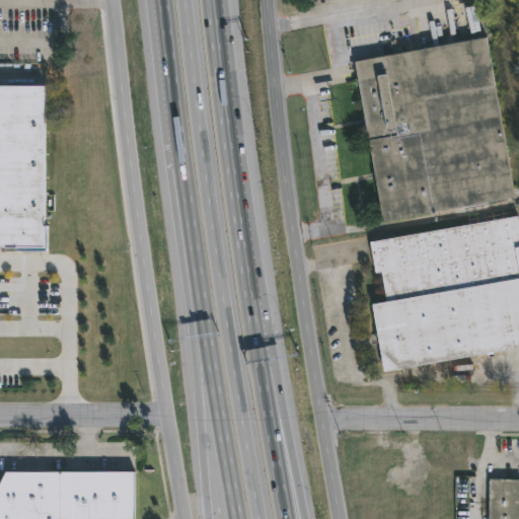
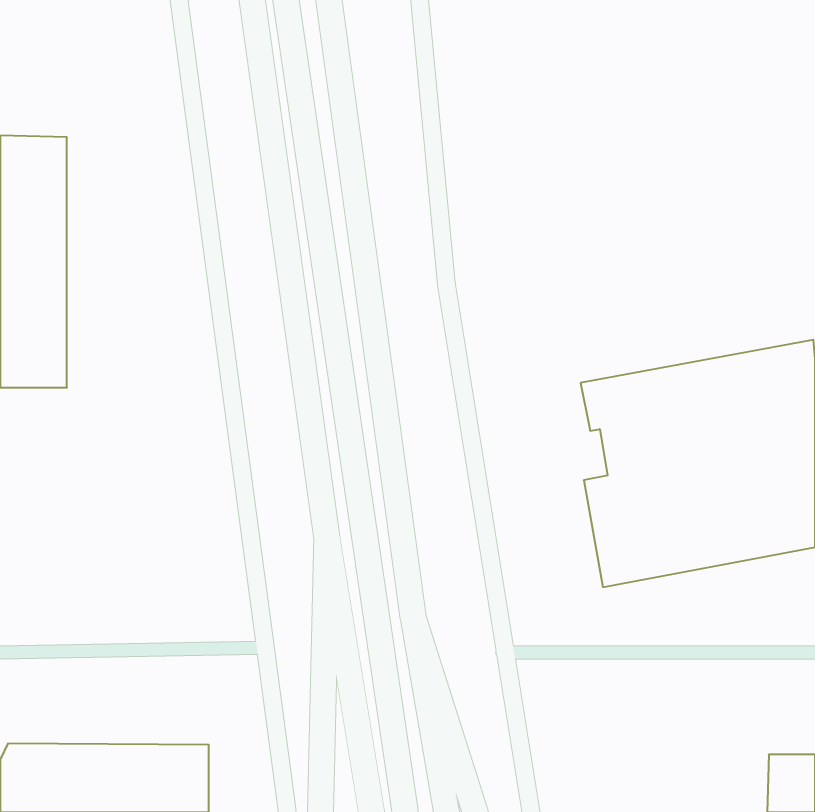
building: [355,38,513,220] -> none

